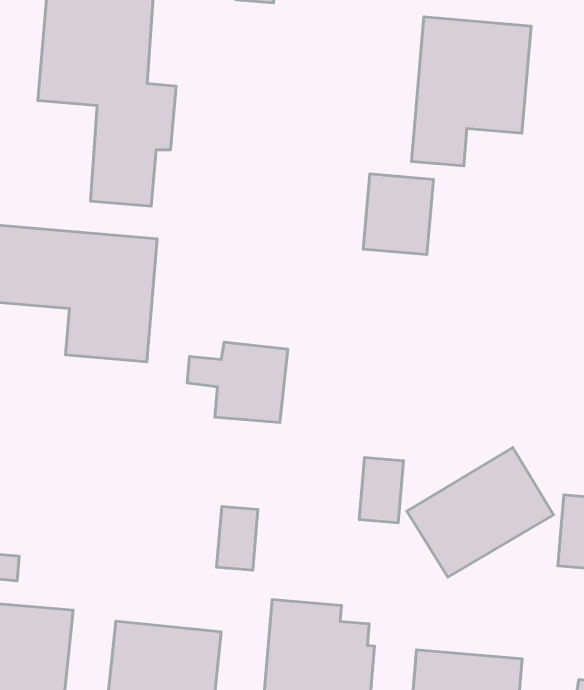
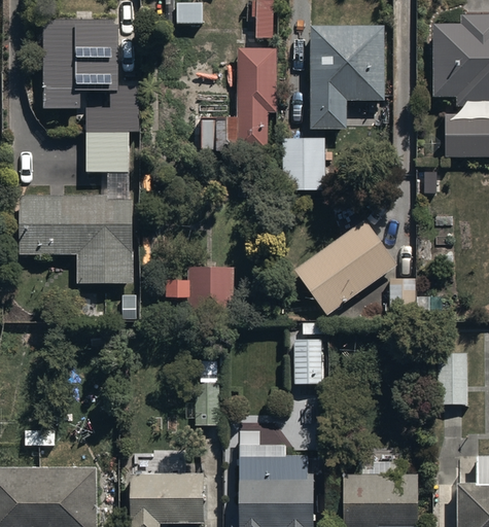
building: none -> [237,49,277,150]
building: [407,447,554,577] -> [293,218,397,314]

